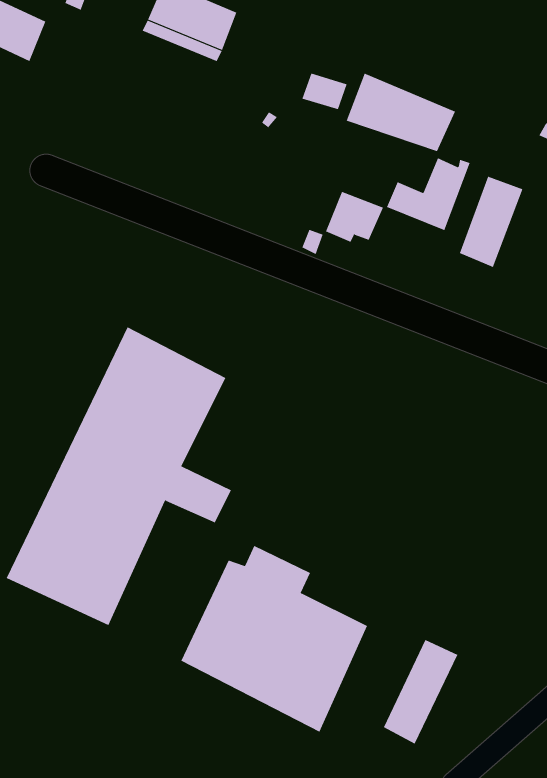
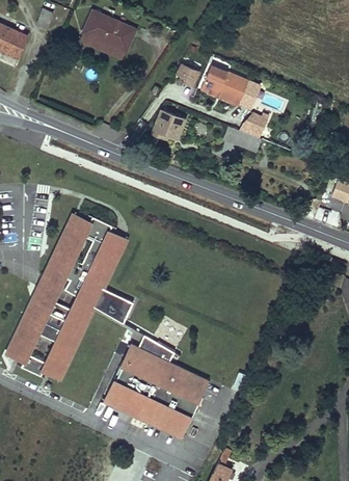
building: [459,176,523,268] -> none
building: [325,191,384,242] -> [152,111,185,140]
building: [383,639,458,745] -> none

